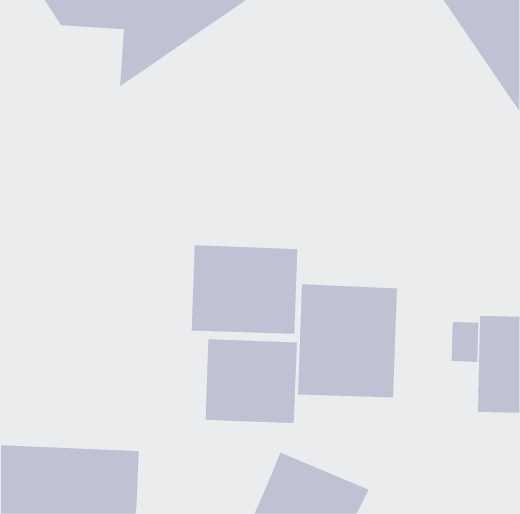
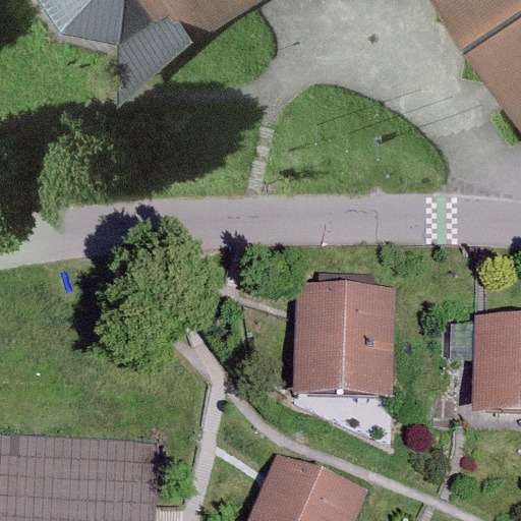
building: [191,244,298,334] -> none
building: [205,338,297,424] -> none

